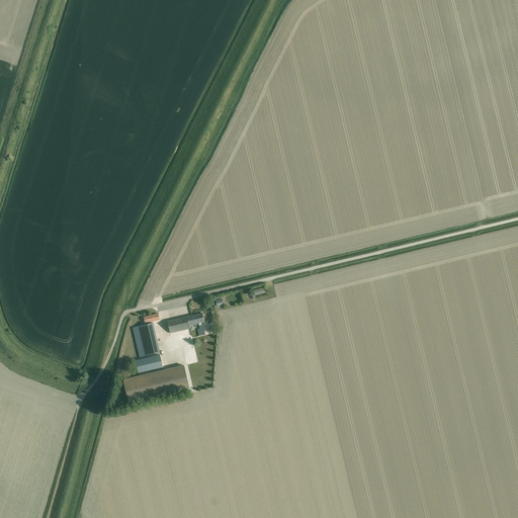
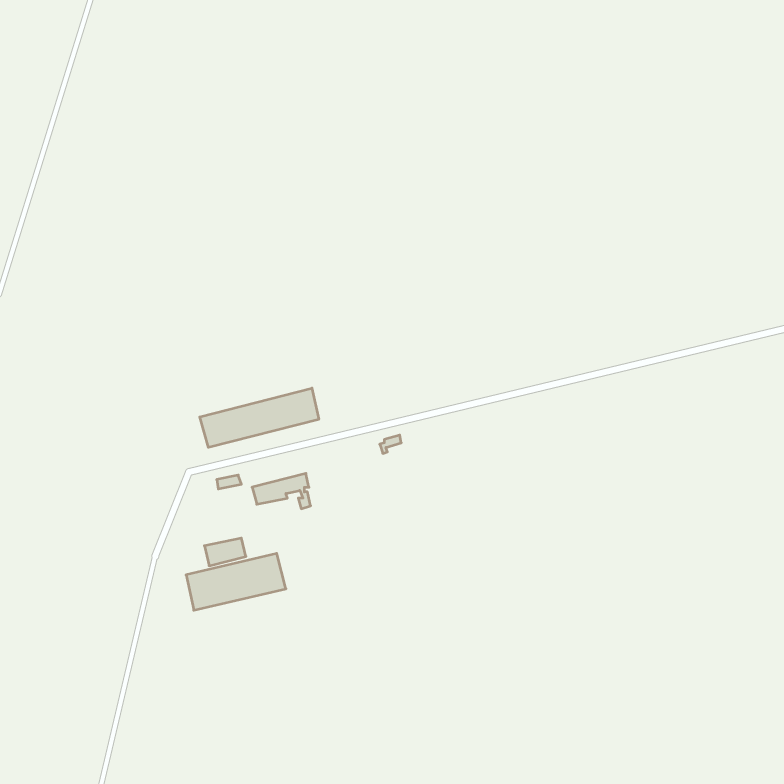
building: none -> [200,388,319,447]
building: [137,322,159,356] -> none

